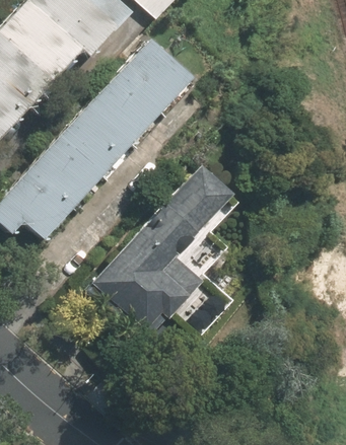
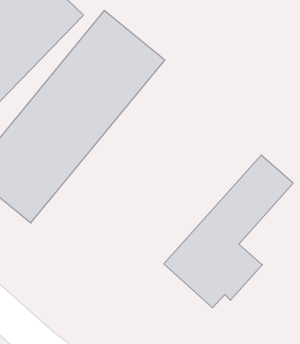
building: [95,160,235,325] -> [164,155,293,308]

